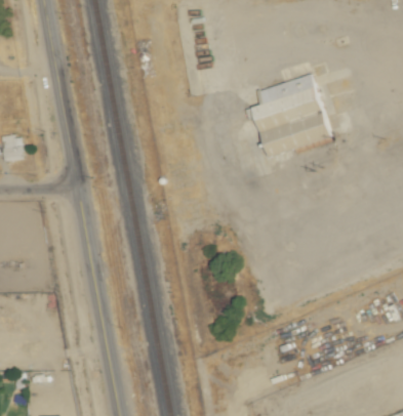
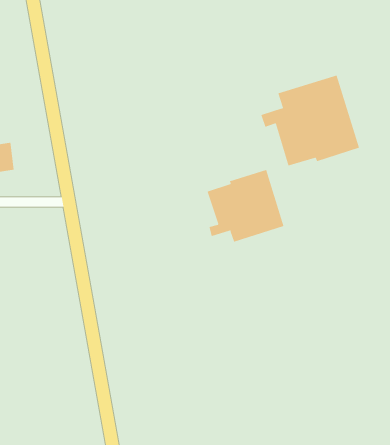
building: none -> [207,169,284,243]

